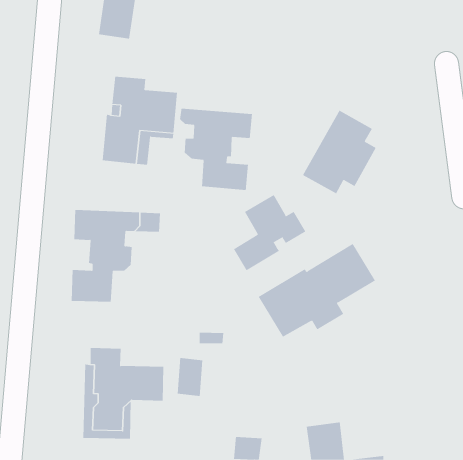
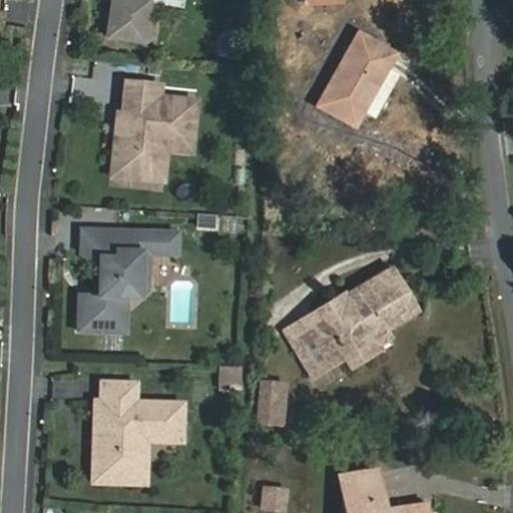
building: [180,108,252,191] -> none
building: [302,110,376,194] -> [317,30,399,123]
building: [233,194,306,271] -> none
building: [177,357,203,396] -> [256,379,286,422]

